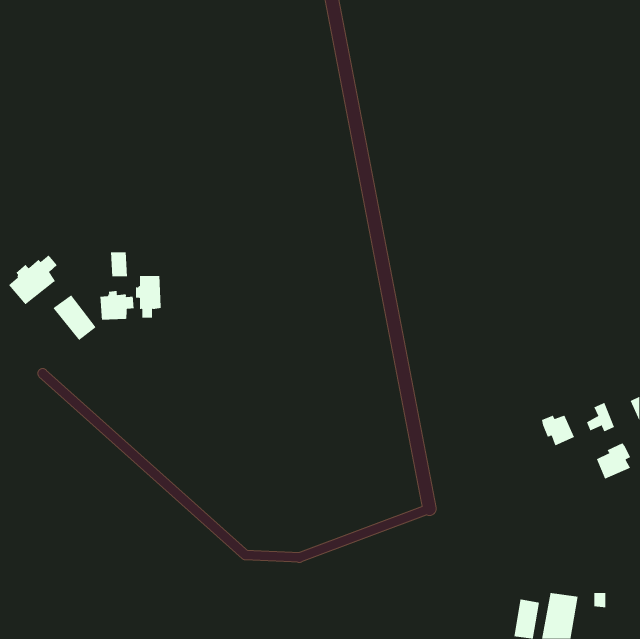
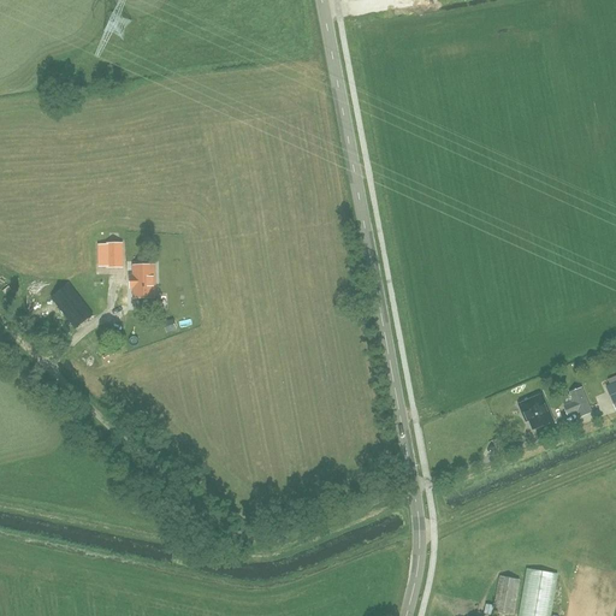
building: [8,254,58,305] -> none
building: [100,290,134,321] -> none
building: [596,443,631,479] -> none

